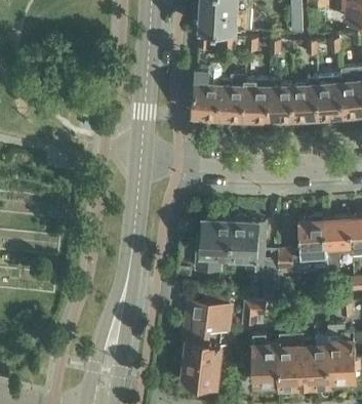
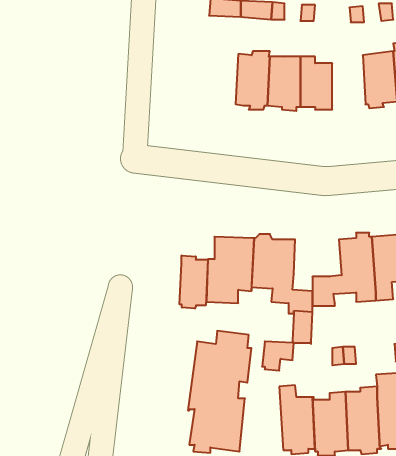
building: [192,64,219,120] -> none
building: [292,79,318,121] -> none
building: none -> [180,255,208,309]

